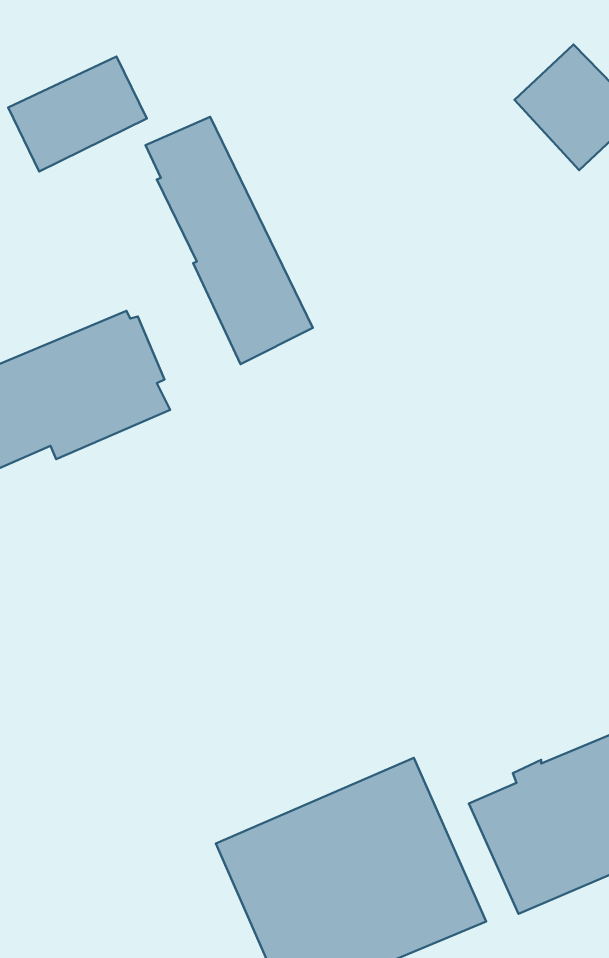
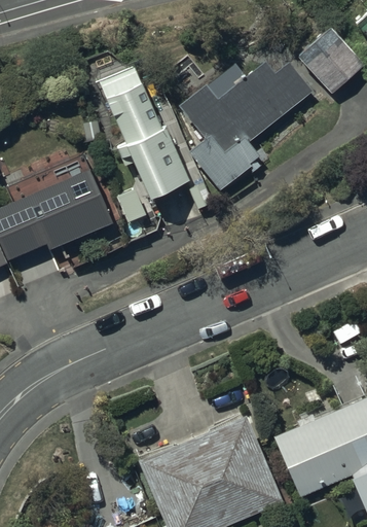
building: [8,57,147,172] -> none
building: none -> [178,61,313,192]

